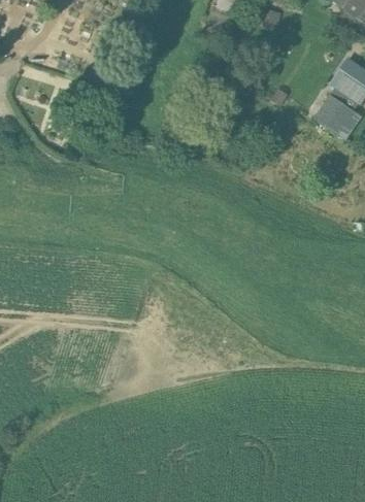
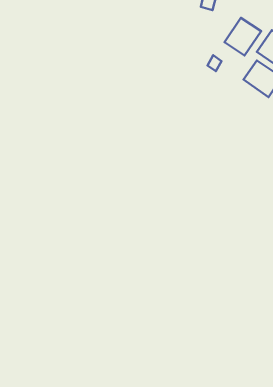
building: none -> [224,18,261,56]

